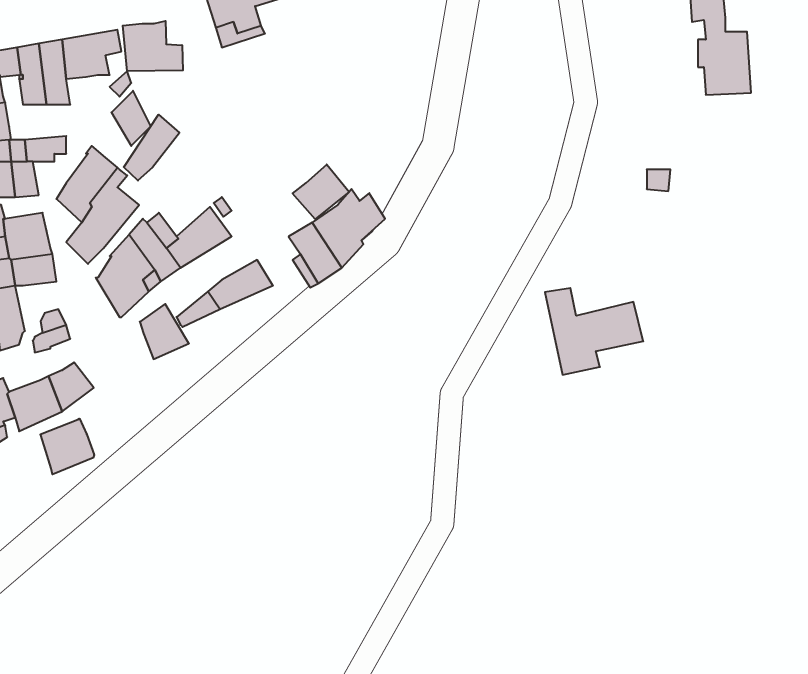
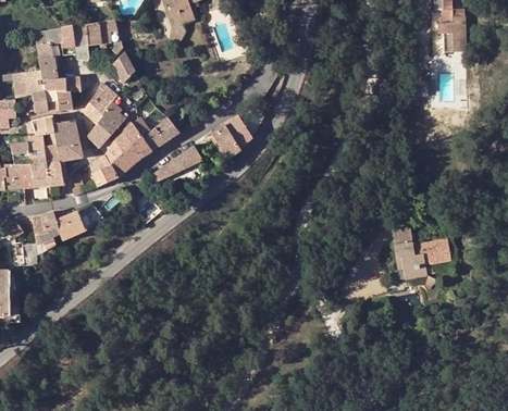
building: [123,21,183,71] -> none
building: [124,115,179,181] -> none
building: [293,164,349,219] -> none
building: [545,288,643,375] -> [397,233,451,281]
building: [140,304,189,359] -> [89,154,116,185]
building: [40,419,94,474] -> none

